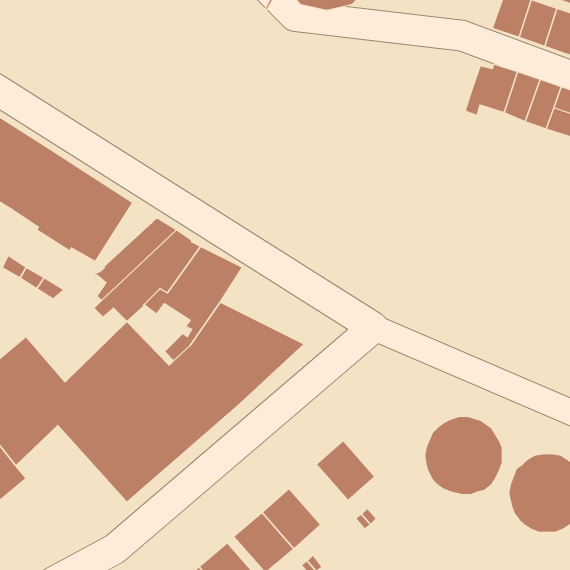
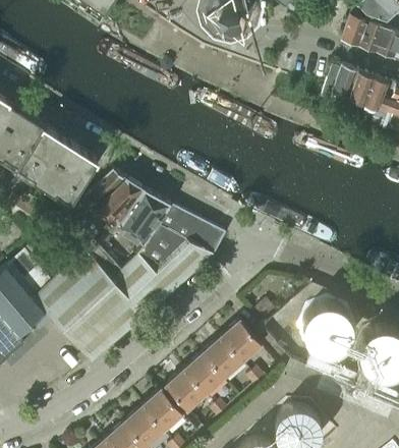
building: none -> [156,205,225,257]
building: none -> [203,338,242,379]

